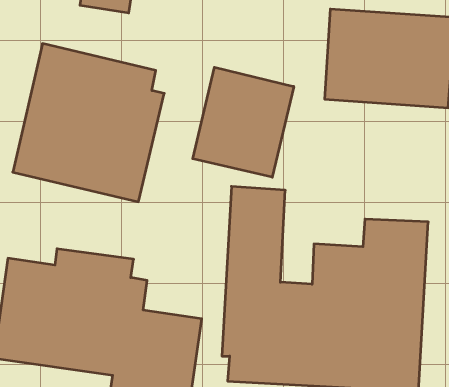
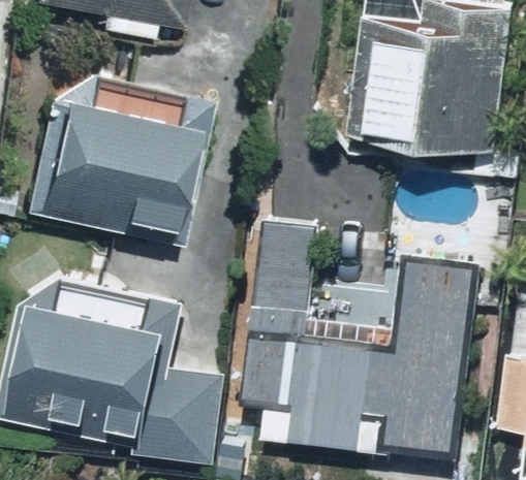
building: [193,67,294,177] -> none

